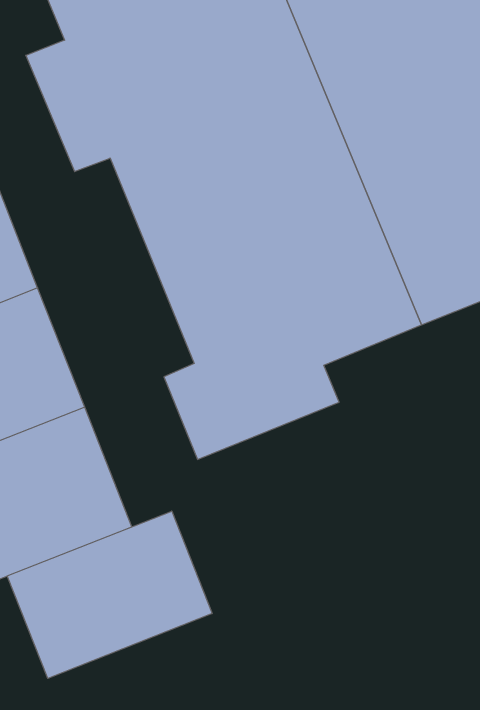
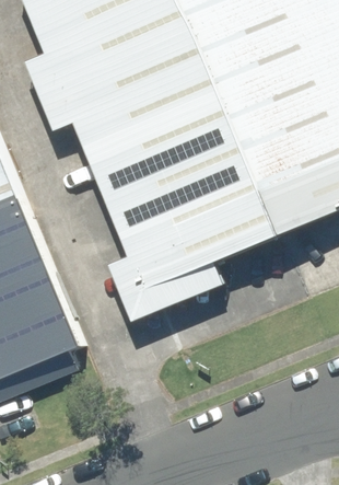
building: [7,511,212,678] -> none

